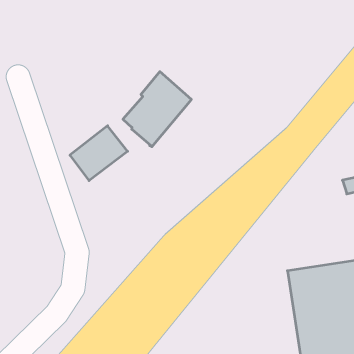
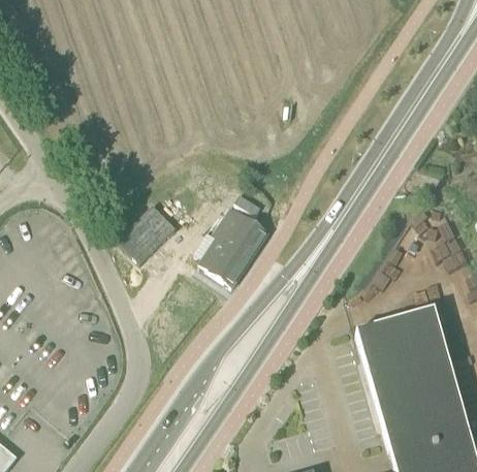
building: [123,72,191,147] -> [200,208,268,286]

